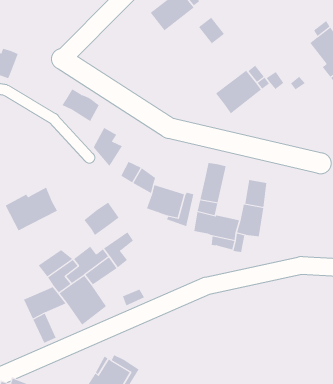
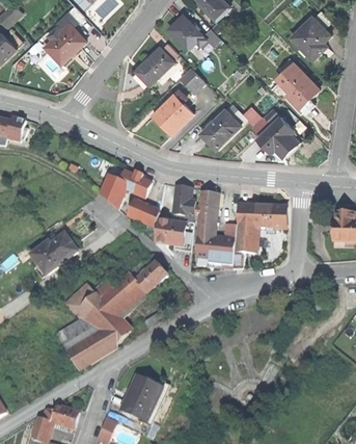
building: none -> [153,90,192,134]
building: none -> [257,115,300,158]
building: [61,89,100,122] -> [116,171,149,198]
building: none -> [172,187,191,216]
building: none -> [255,206,285,229]
building: [83,202,120,236] -> [135,262,166,293]
building: none -> [76,333,109,364]

